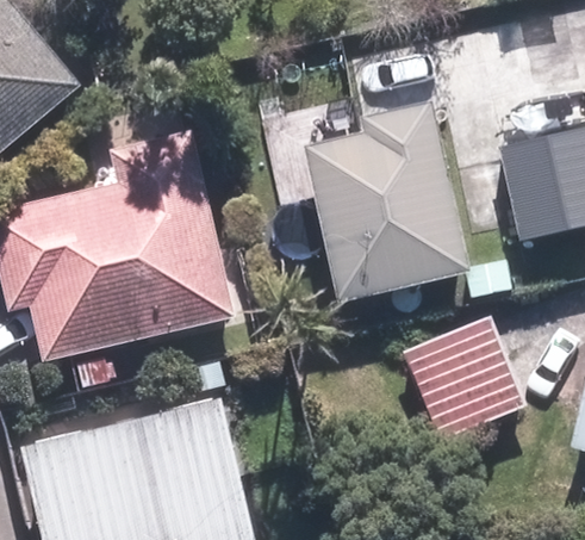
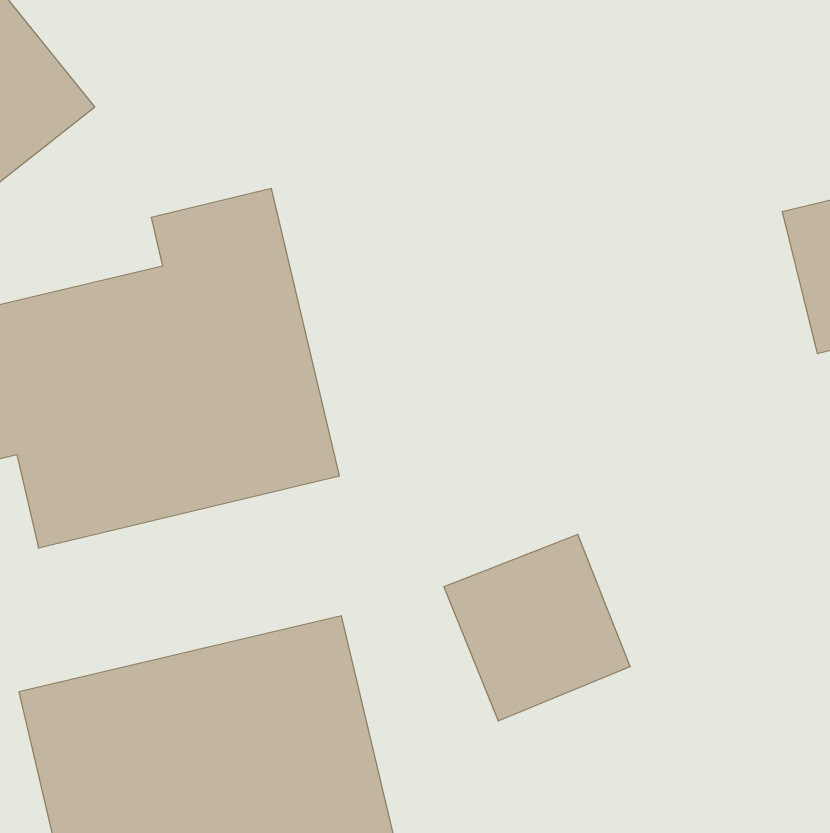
building: [310,105,466,298] -> none
building: [404,324,518,439] -> [444,534,630,721]

